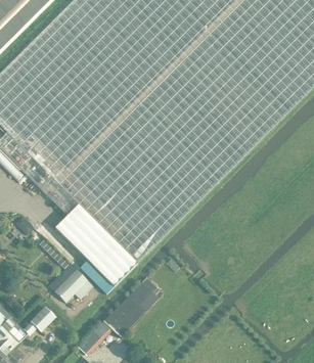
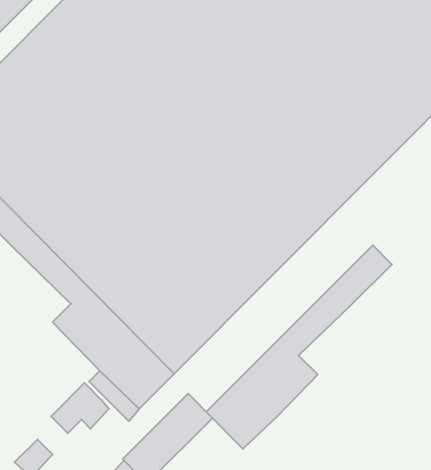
building: none -> [206,245,392,449]

